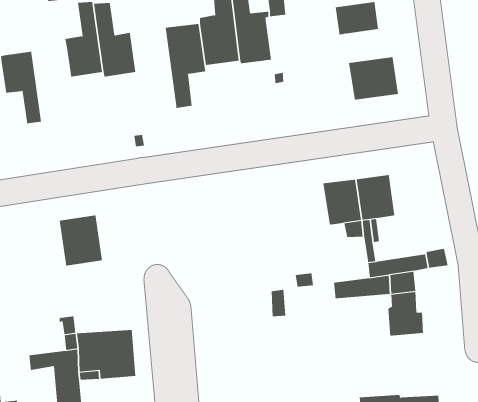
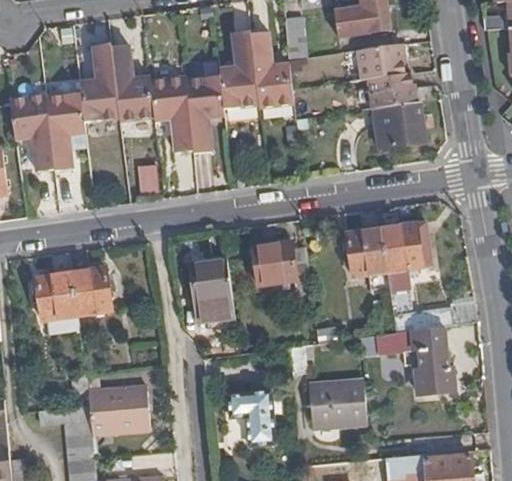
building: none -> [145,68,192,154]
building: none -> [369,71,416,107]
building: none -> [42,93,83,172]
building: none -> [248,241,307,290]
building: none -> [184,258,231,308]
building: none -> [33,272,77,324]
building: none -> [307,380,365,426]
building: none -> [225,391,275,450]

